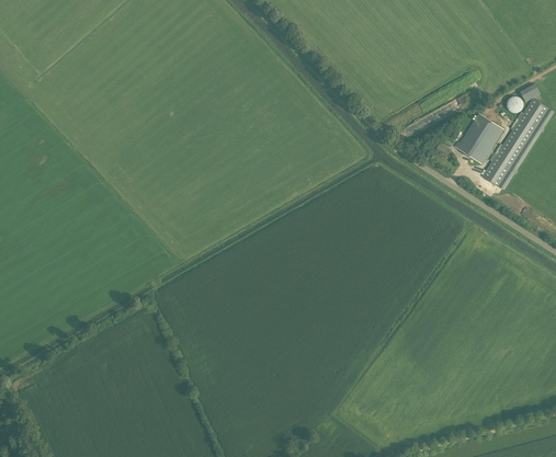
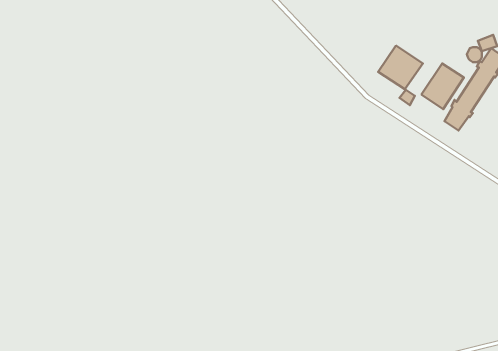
building: none -> [378,46,423,89]

